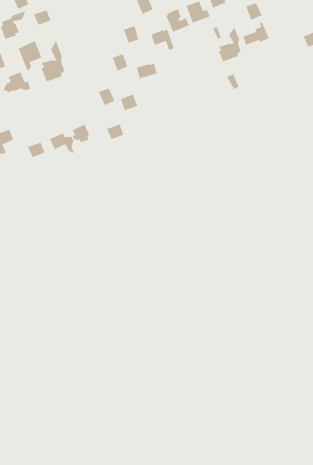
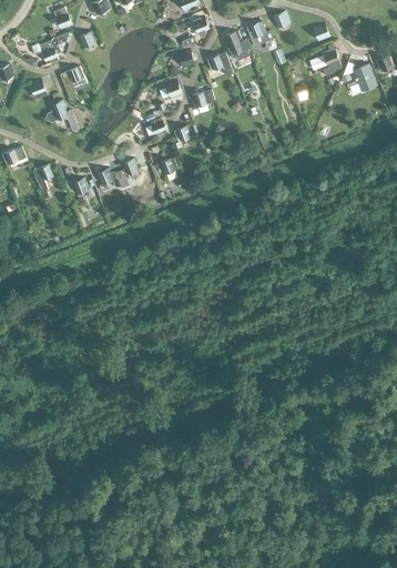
building: [218,26,242,62] -> none
building: none -> [348,63,376,93]
building: [41,40,65,82] -> none

